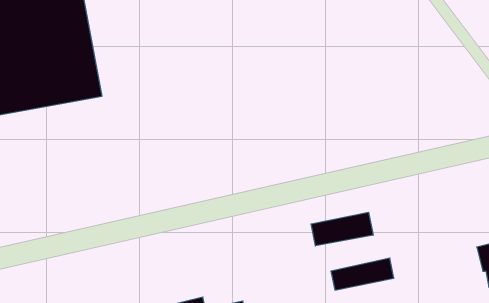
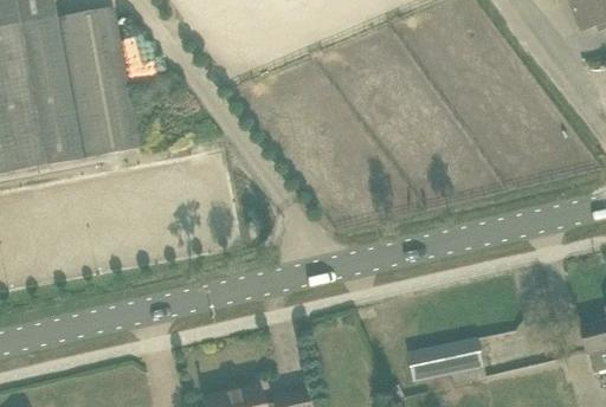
building: [311,212,373,246] -> none

